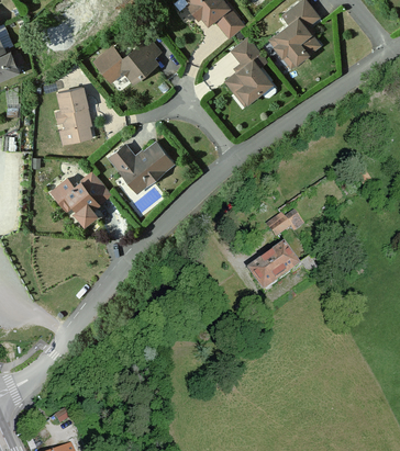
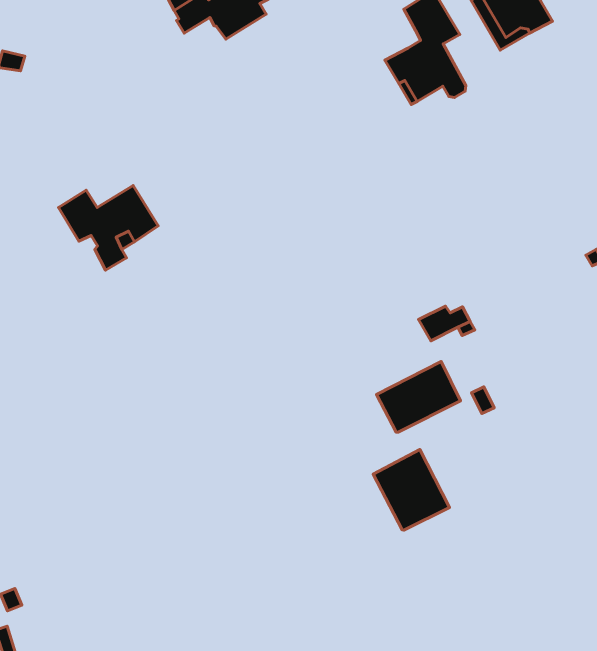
building: [57,89,91,143] -> none
building: [110,145,170,190] -> none
building: none -> [373,450,449,530]

